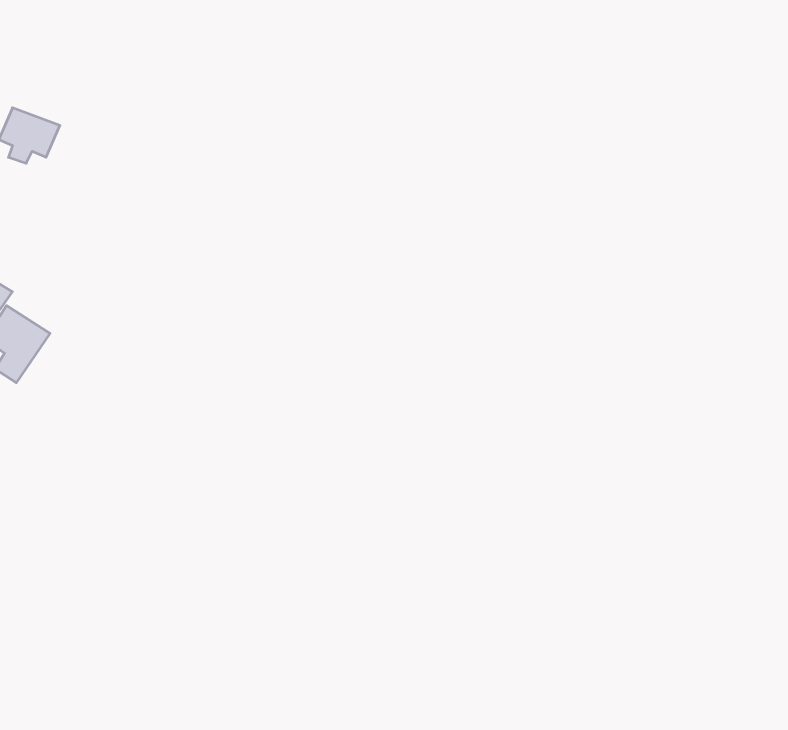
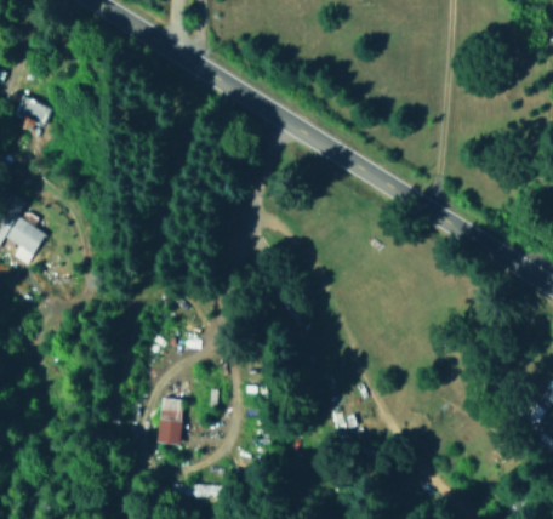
building: none -> [156,397,186,444]

